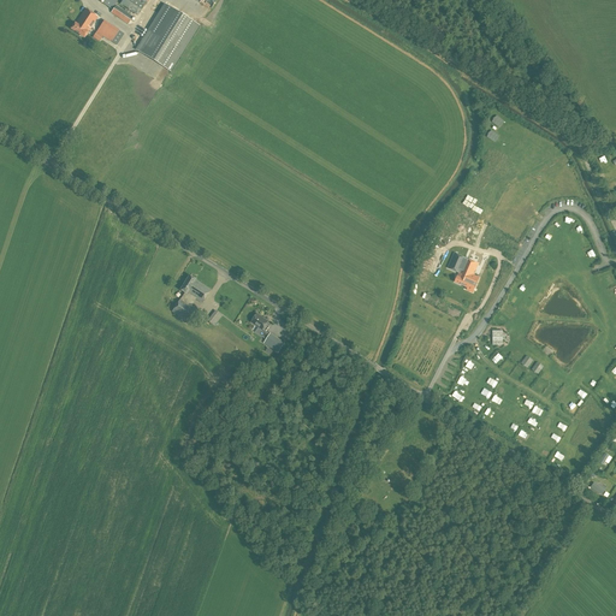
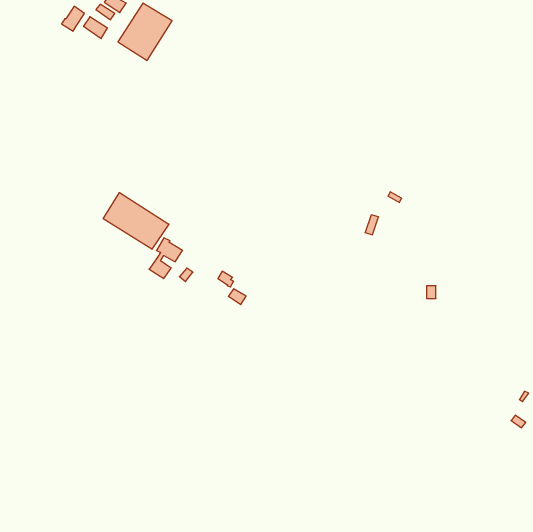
building: none -> [103,193,169,249]
building: [448,251,479,291] -> none

